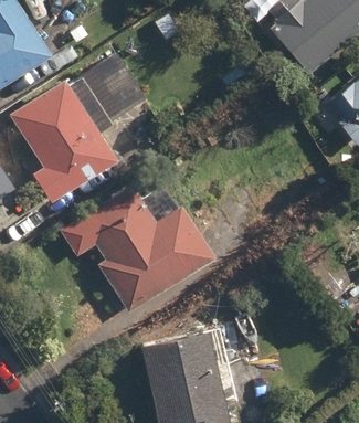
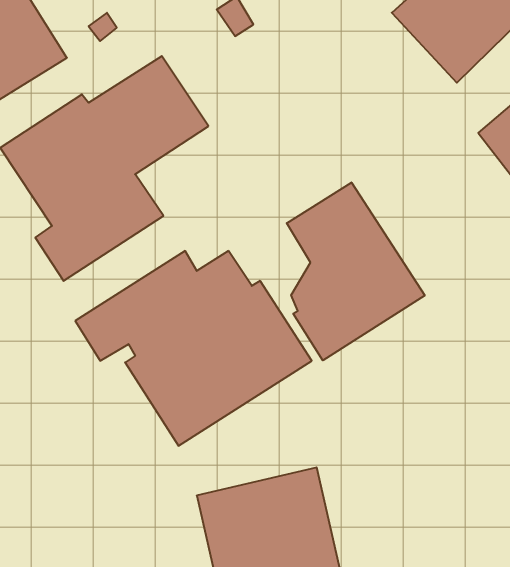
building: none -> [287,182,425,360]

